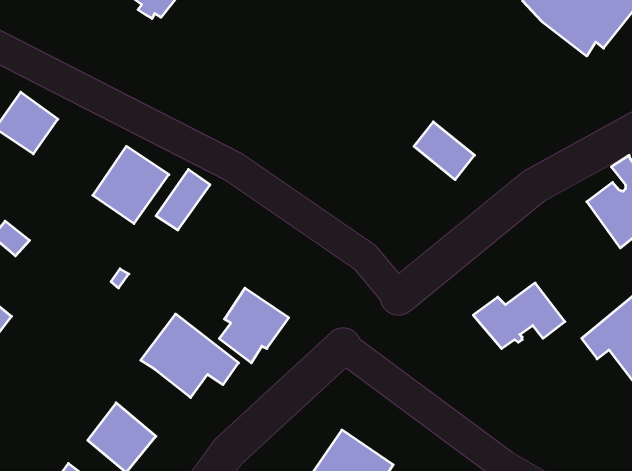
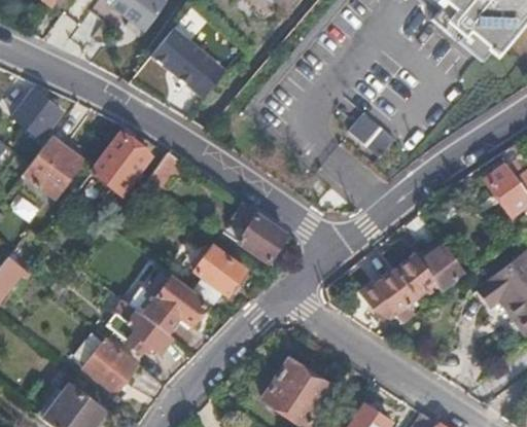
building: none -> [148,24,229,98]
building: none -> [26,139,82,199]
building: none -> [235,205,287,261]
building: none -> [359,269,417,322]
building: none -> [108,312,172,354]

